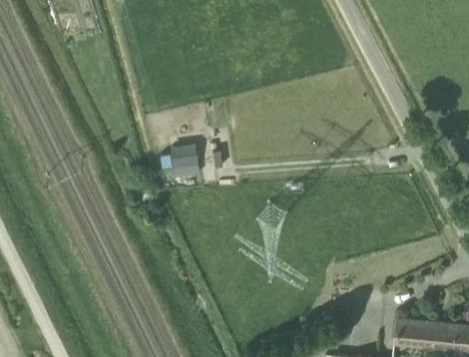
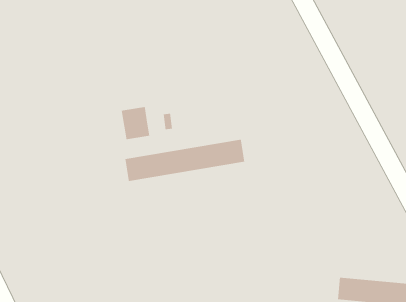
building: none -> [125,139,245,182]

